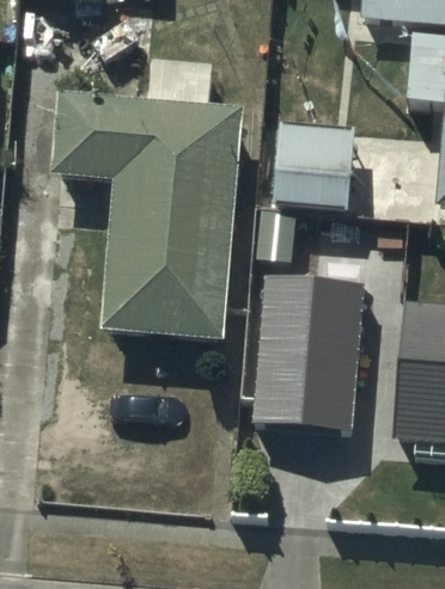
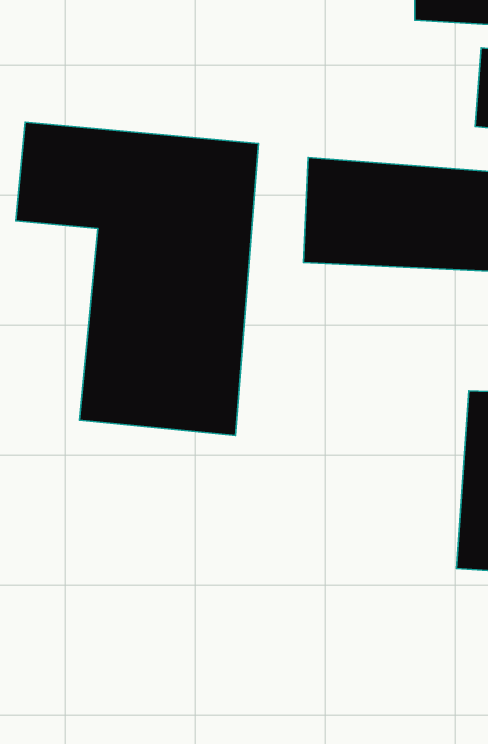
building: [260,283,359,429] -> none

